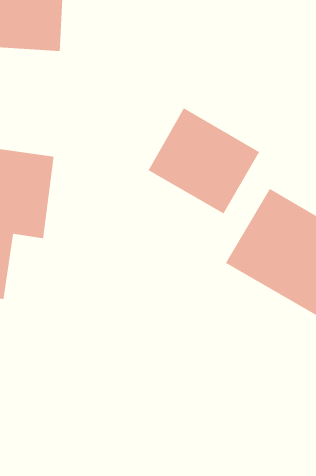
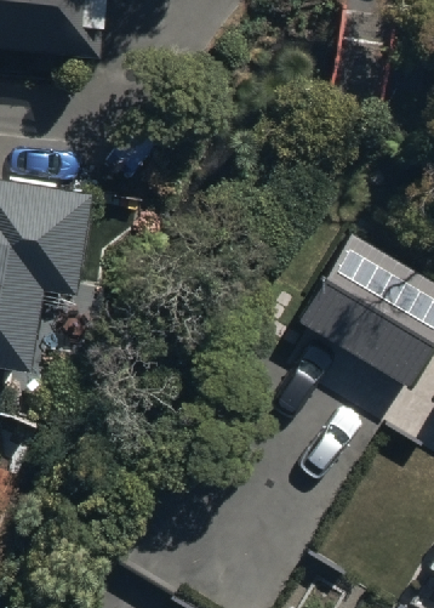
building: [147,107,260,214] -> none

